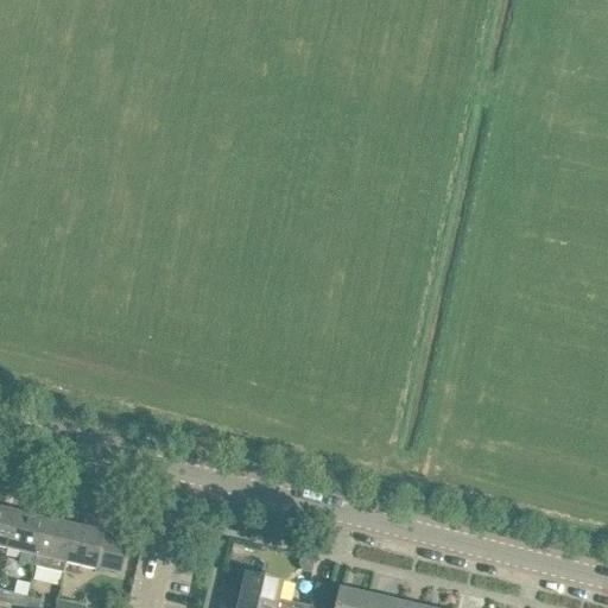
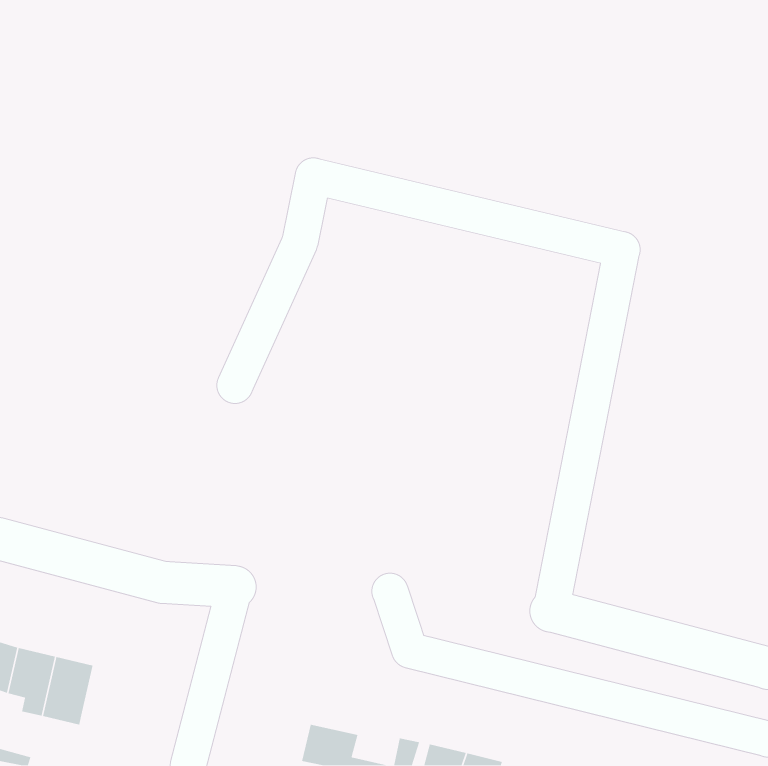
building: [65,525,126,570] -> none

